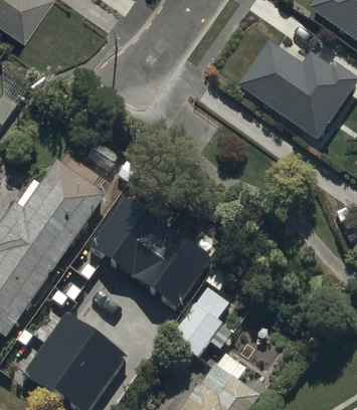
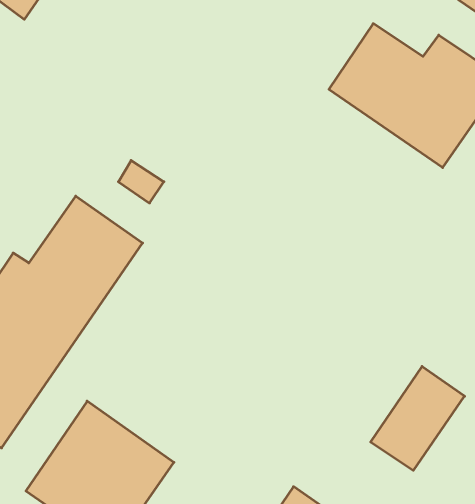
building: [85,189,211,303] -> none
building: [171,286,237,360] -> [371,366,465,470]

